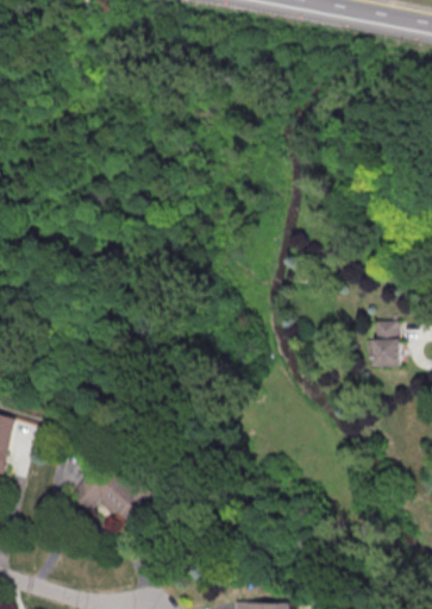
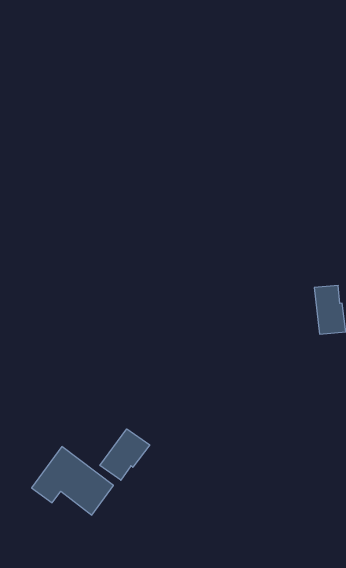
building: none -> [100,429,150,480]

